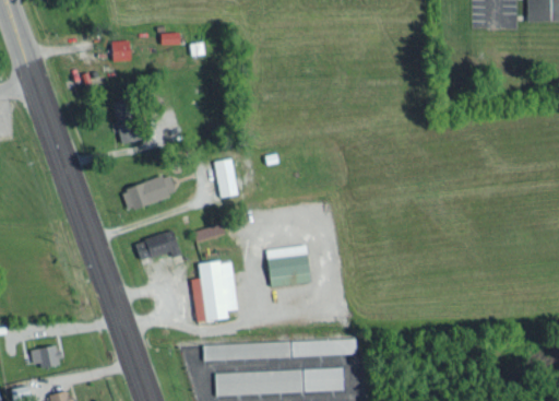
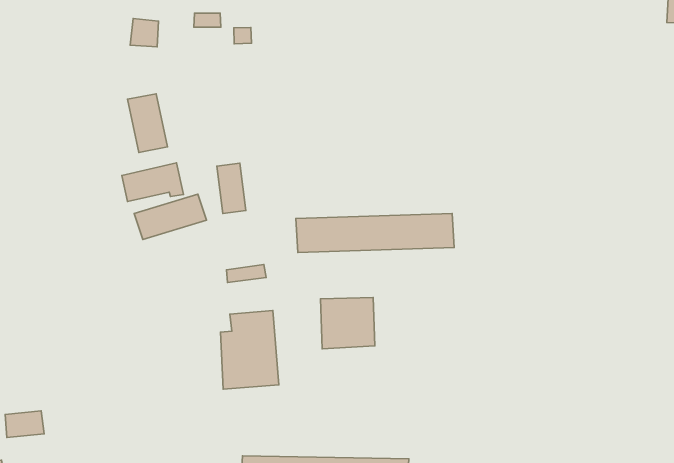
building: [214,158,238,198] -> [217,163,246,214]
building: none -> [296,213,454,253]
building: [133,231,181,262] -> [122,163,183,201]
building: [203,340,355,361] -> none

